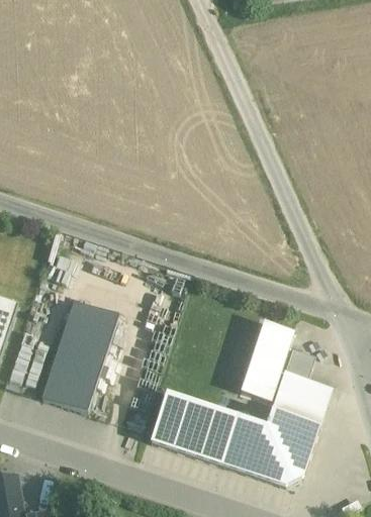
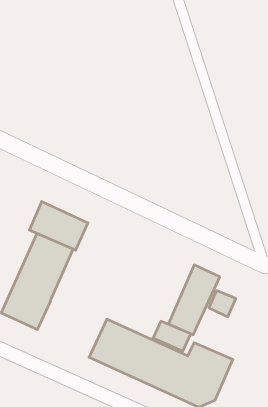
building: none -> [29,201,88,250]
building: [271,370,331,424] -> none

